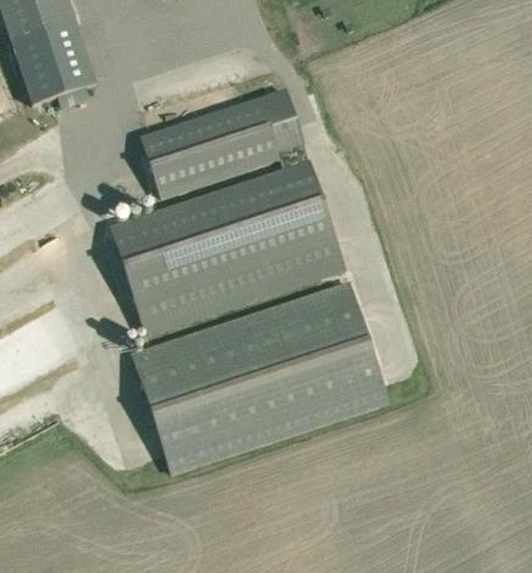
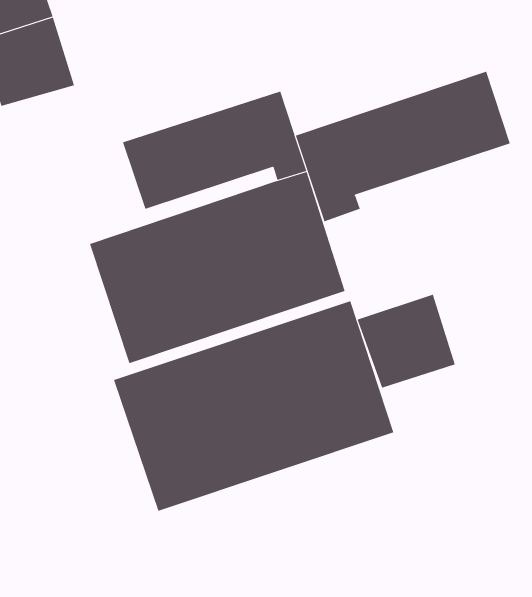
building: none -> [295,71,510,222]
building: none -> [357,294,456,389]

